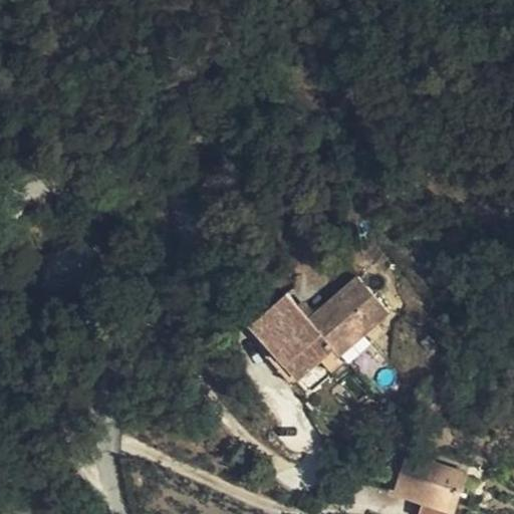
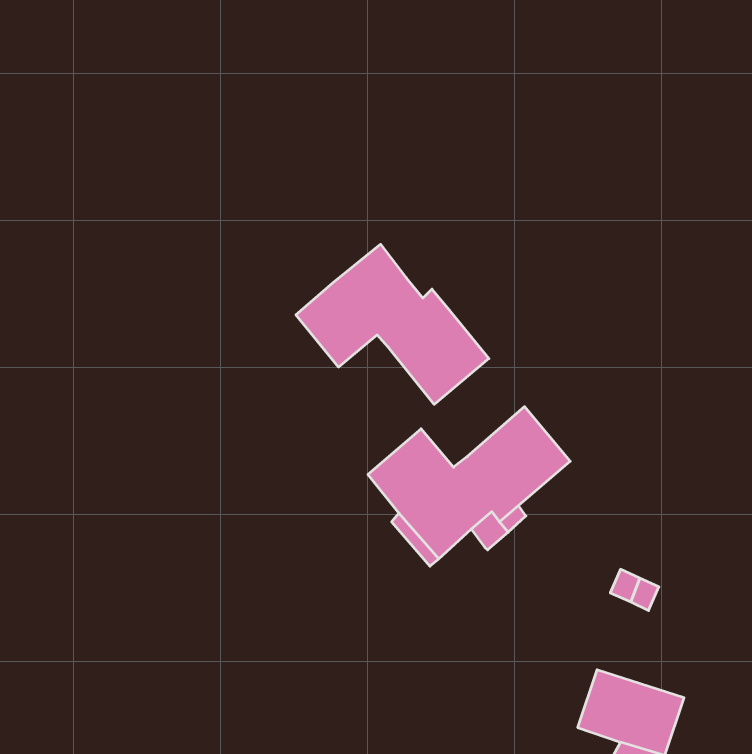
building: none -> [296,244,489,404]

